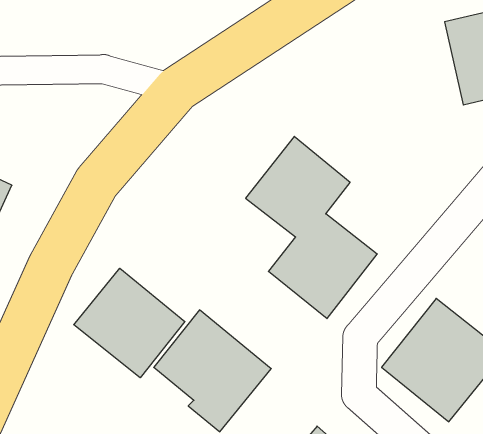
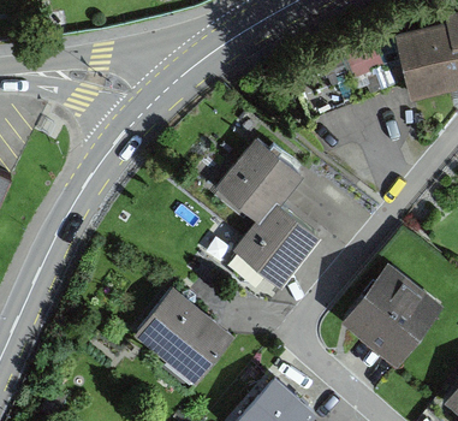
building: [74,268,185,378] -> none

